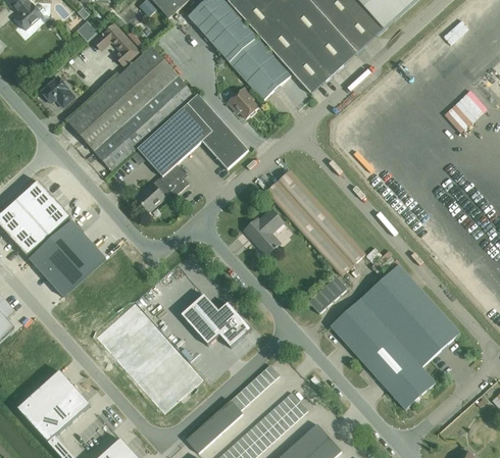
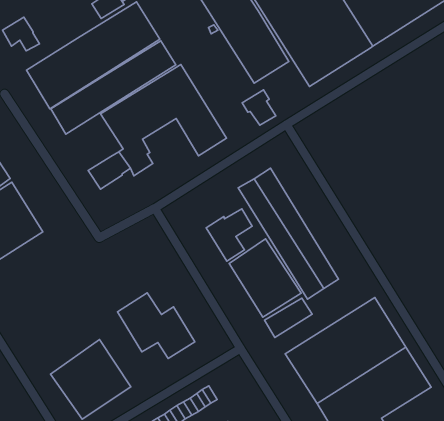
building: [228,87,258,117] -> [242,90,276,125]
building: none -> [229,239,301,317]
building: [96,304,169,376] -> none

